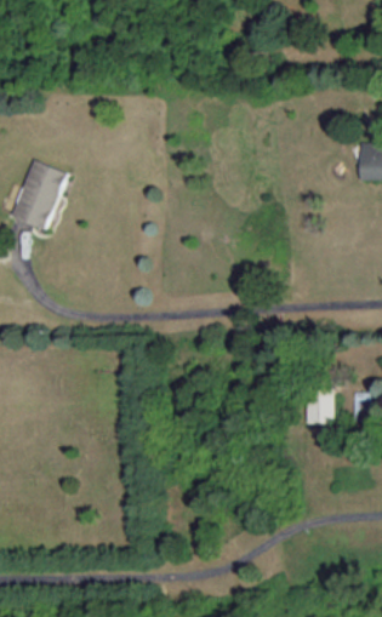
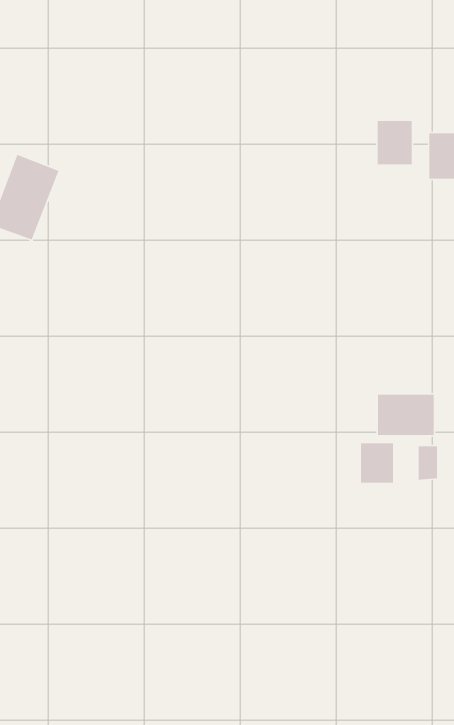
building: none -> [377,120,413,165]
building: none -> [377,394,434,436]

